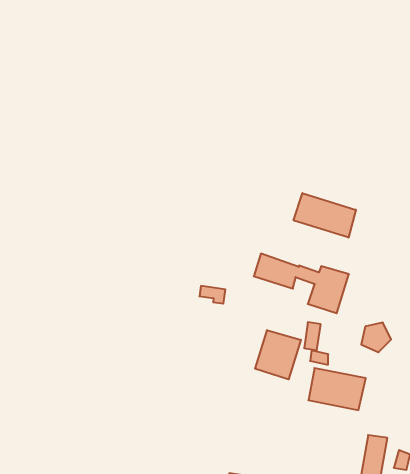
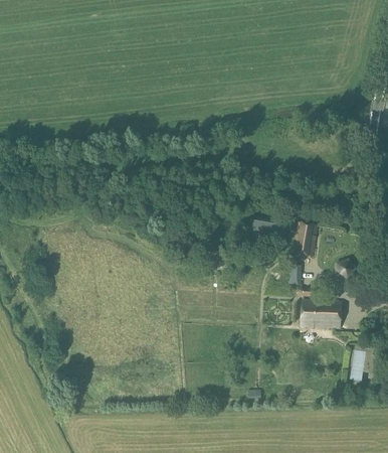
building: [294,193,356,238] -> none
building: [255,330,301,379] -> none

